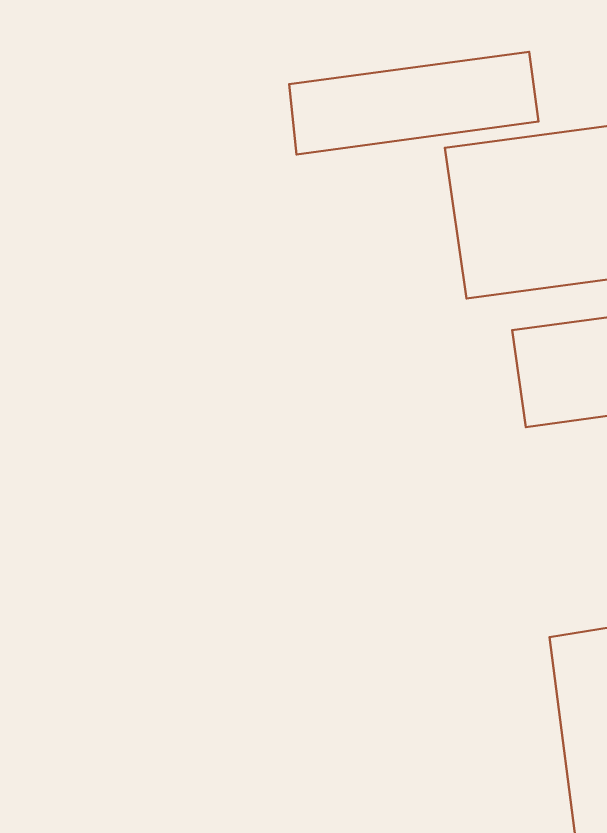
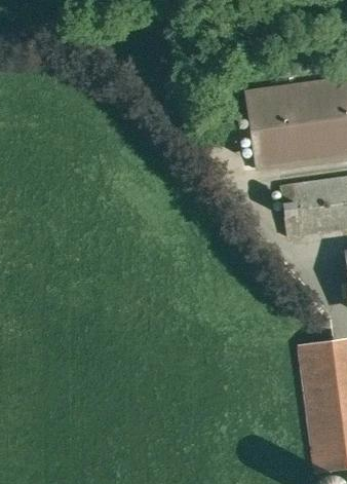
building: [289,52,539,155] -> none

